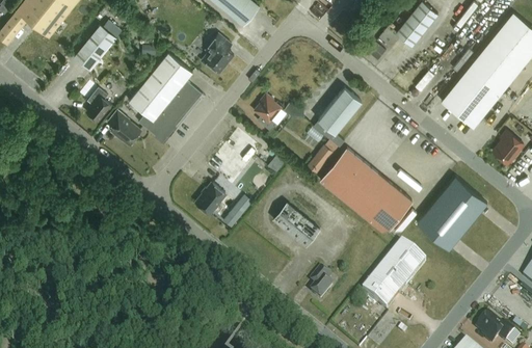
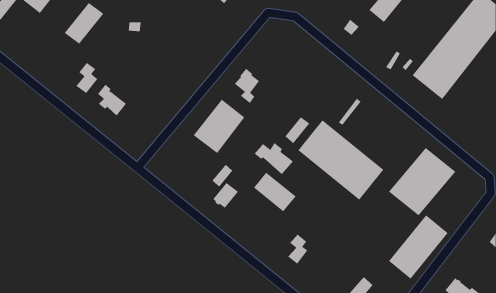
building: [201,33,234,73] -> none
building: [129,52,203,141] -> none
building: [318,87,361,133] -> none
building: [493,130,523,163] -> none
building: none -> [254,142,294,175]
building: [197,183,225,211] -> [212,182,239,209]
building: [362,242,425,311] -> [388,214,448,280]

